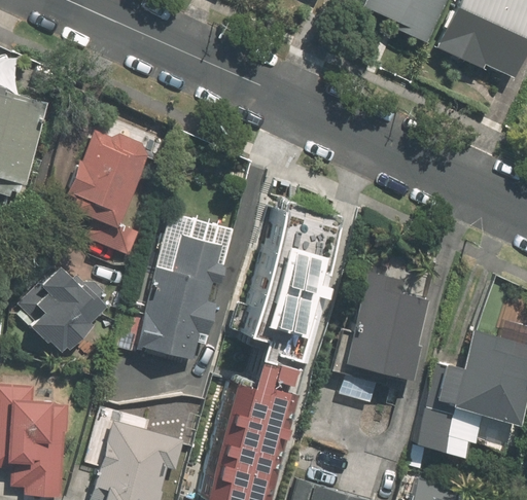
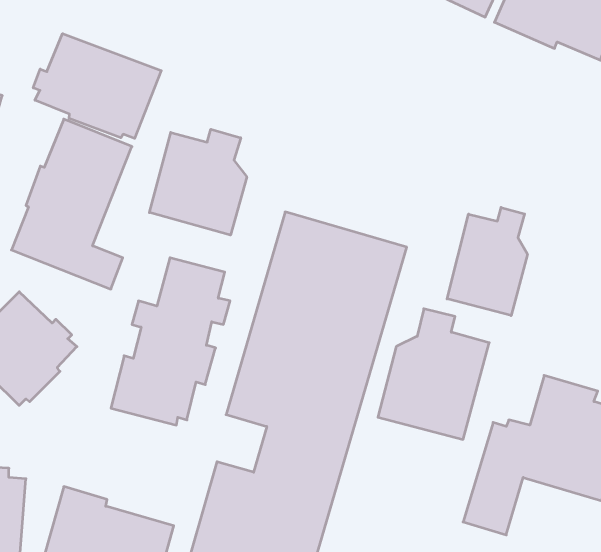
building: none -> [33,34,161,138]
building: none -> [149,129,247,235]
building: none -> [447,207,527,316]

